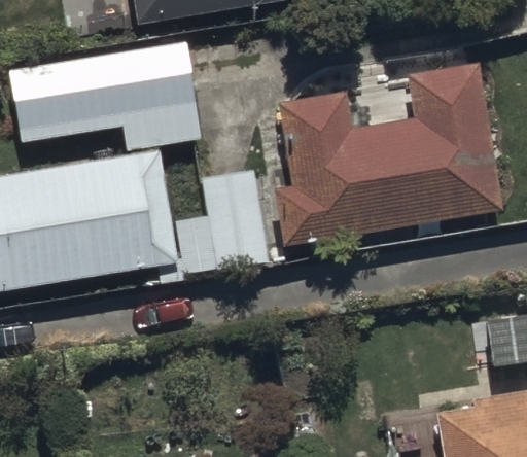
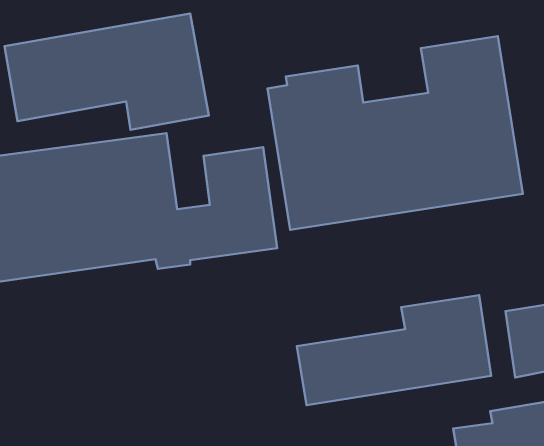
building: none -> [297,295,491,405]

